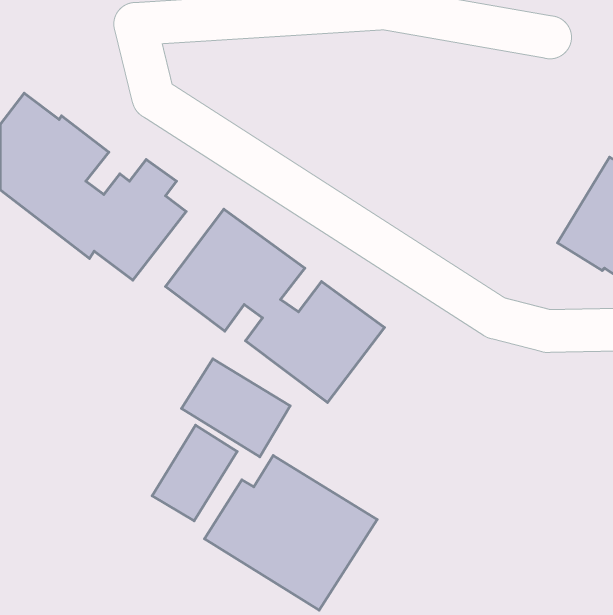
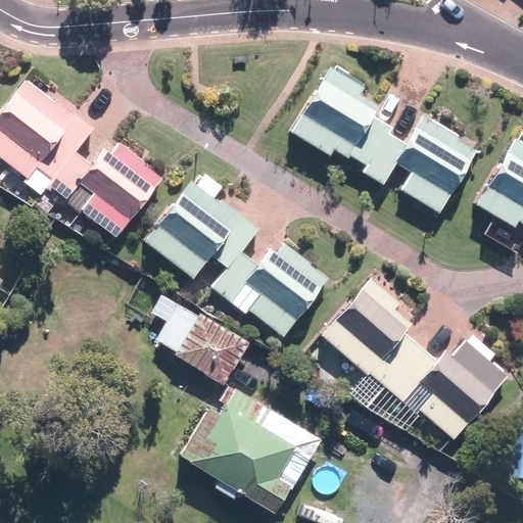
building: none -> [289,68,479,213]
building: none -> [320,277,508,444]
building: [152,425,237,521] -> none

